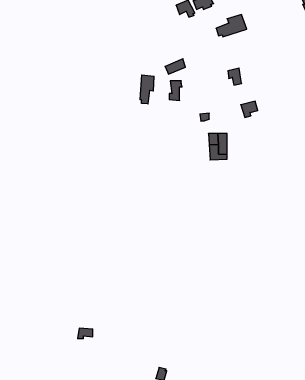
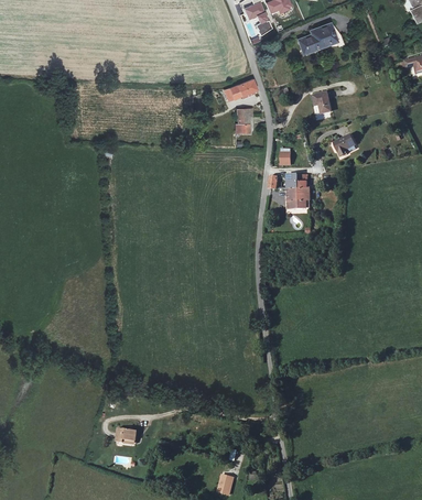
building: [140,75,154,104] -> none

